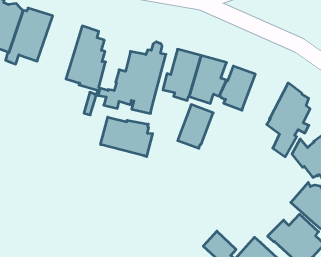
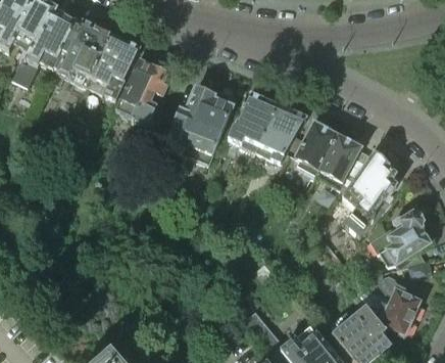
building: none -> [86,33,140,99]
building: [178,105,213,148] -> [316,134,362,186]
building: [101,117,153,157] -> none

